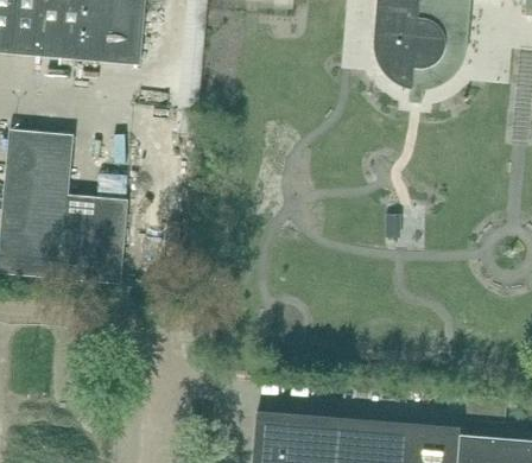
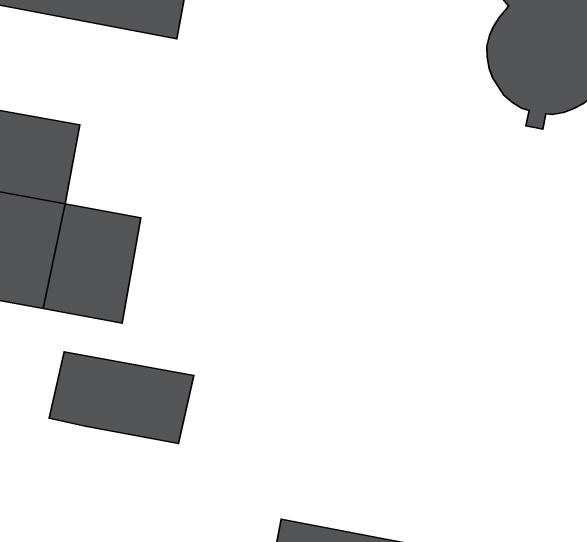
building: none -> [49,352,194,443]

